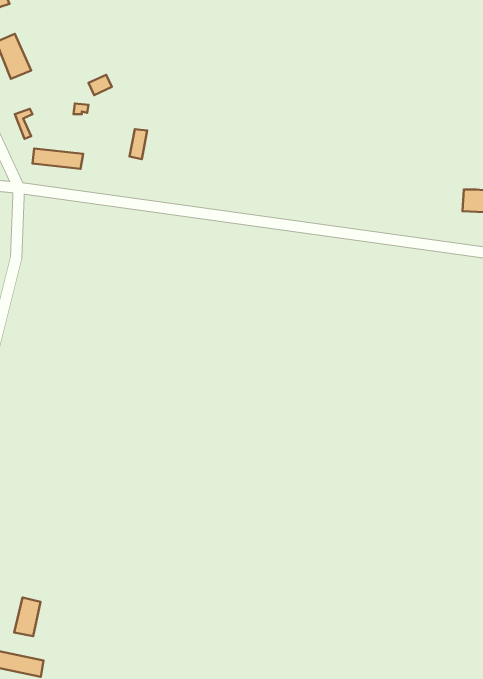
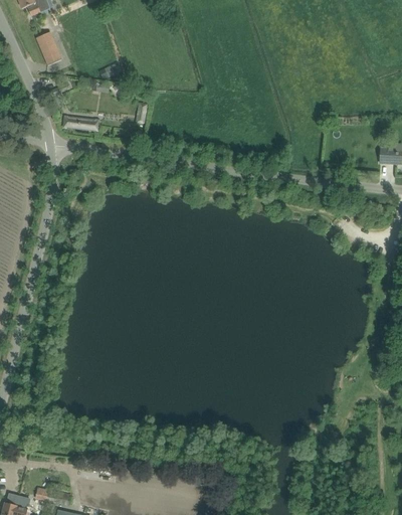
building: [14,598,40,636] -> none

